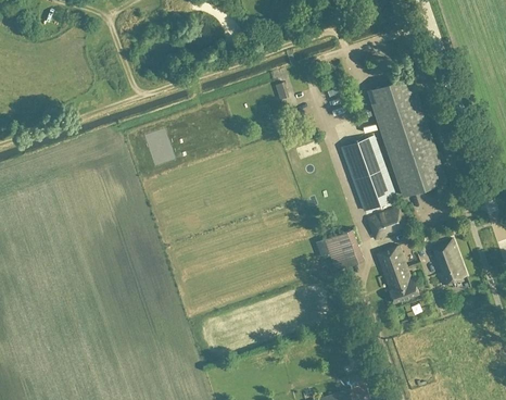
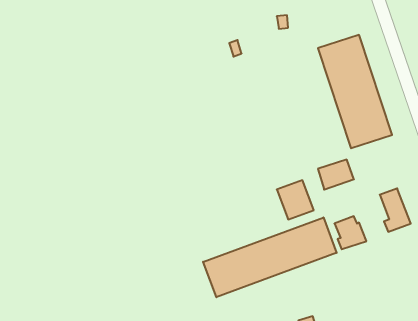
building: [341,137,395,211] -> none
building: [376,245,405,276] -> none
building: none -> [203,217,337,297]

